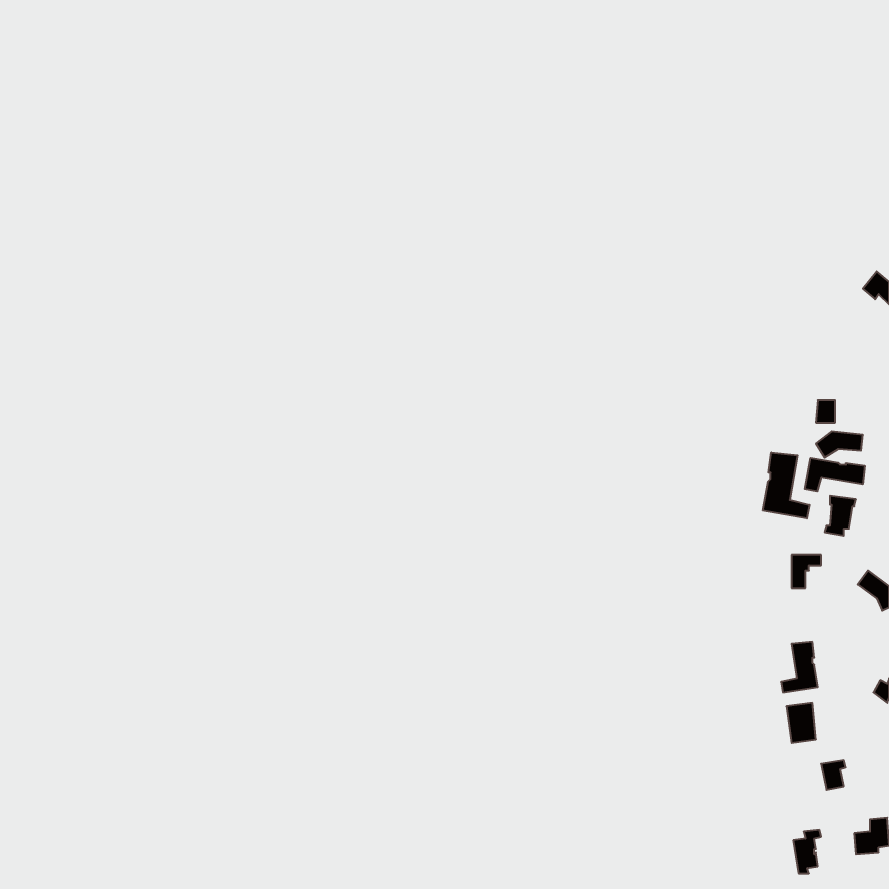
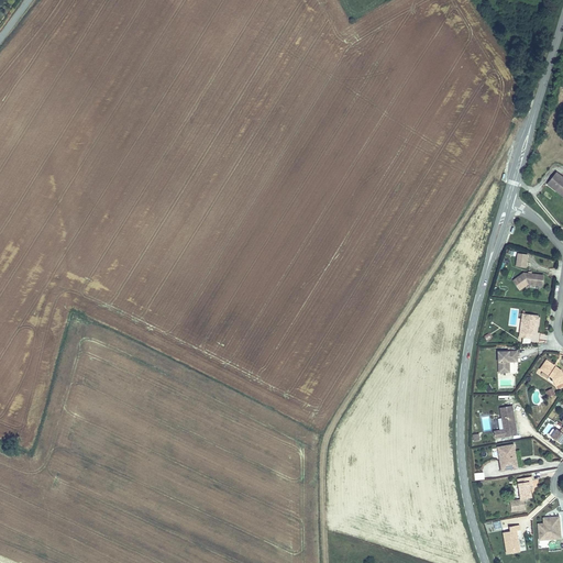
building: [763,452,810,518] -> none
building: [805,458,865,491] -> none

